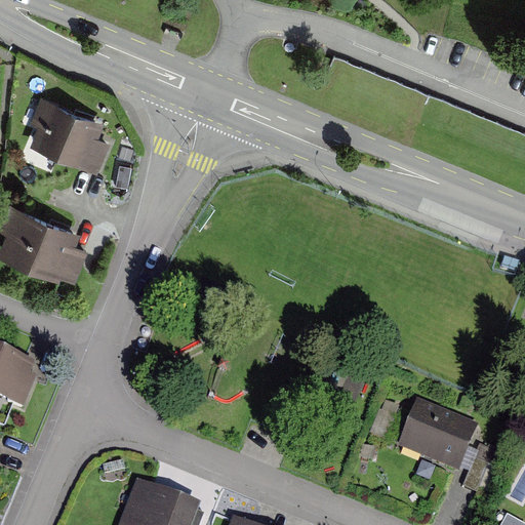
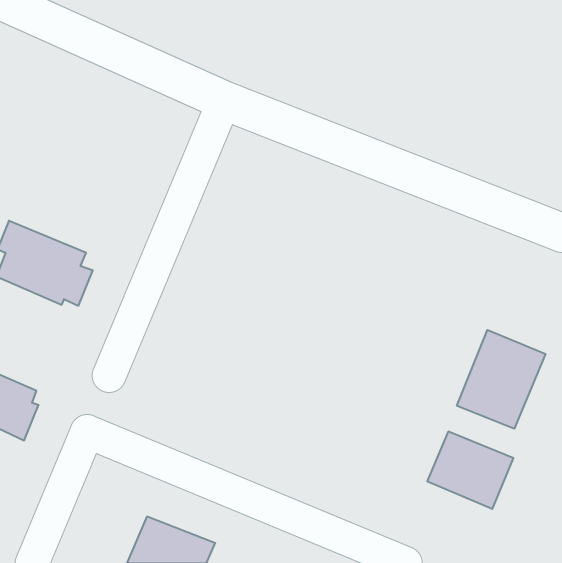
building: [29,98,109,174] -> none
building: none -> [457,330,545,429]

